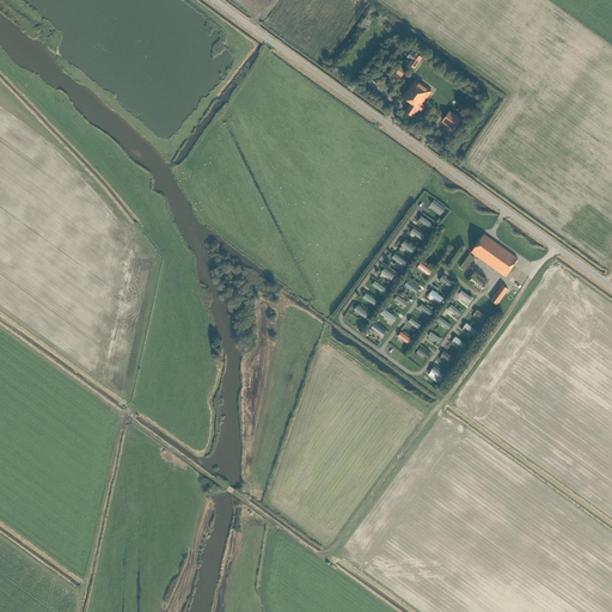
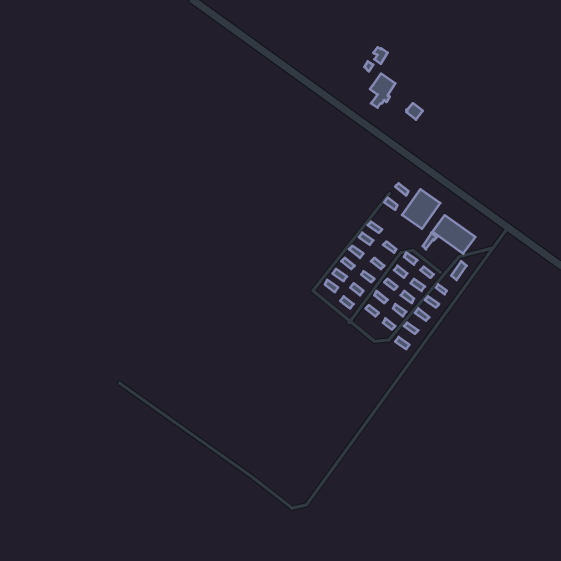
building: none -> [402,189,440,229]

